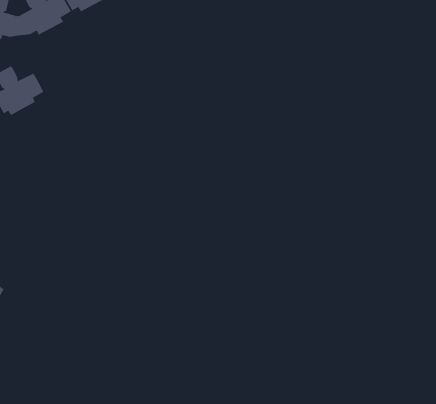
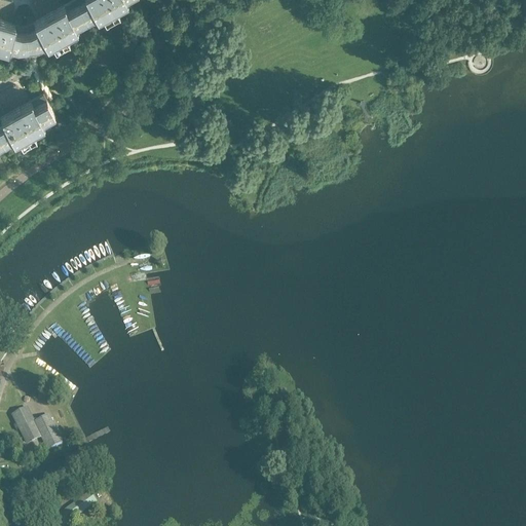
building: none -> [13,411,64,453]

